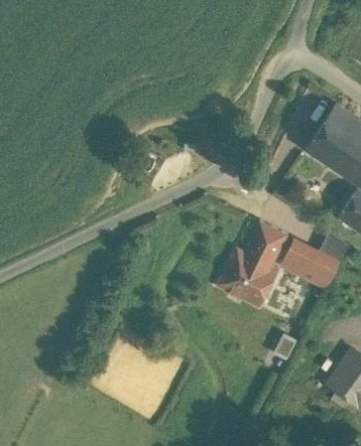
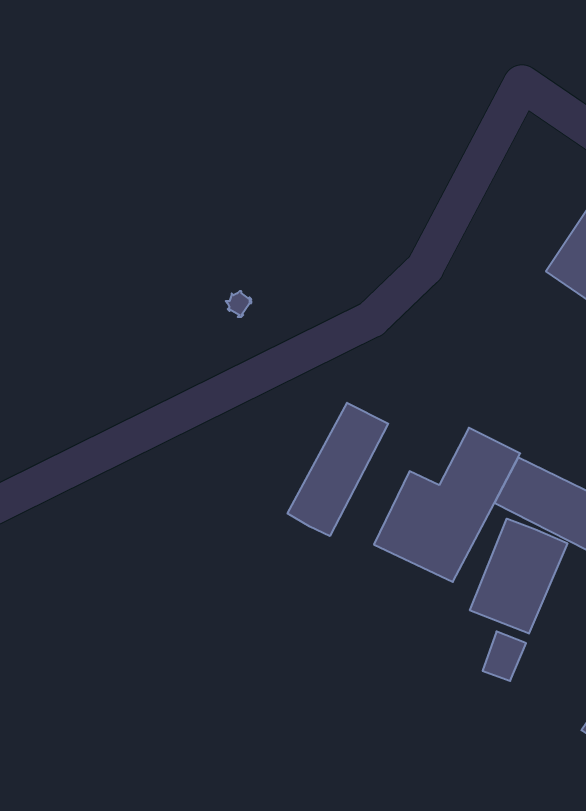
building: none -> [288,403,388,536]
building: none -> [470,519,567,634]

